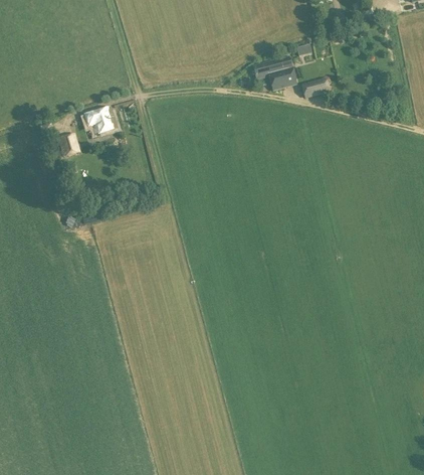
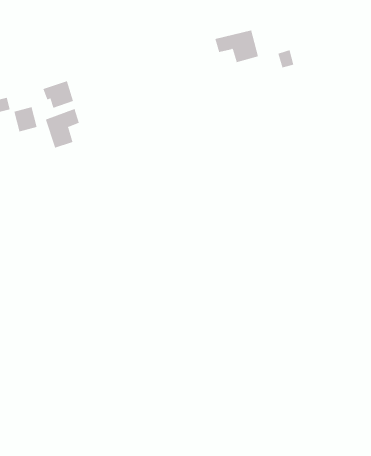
building: none -> [45,108,79,148]

